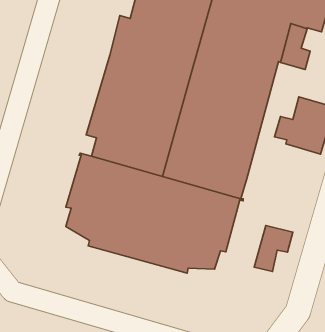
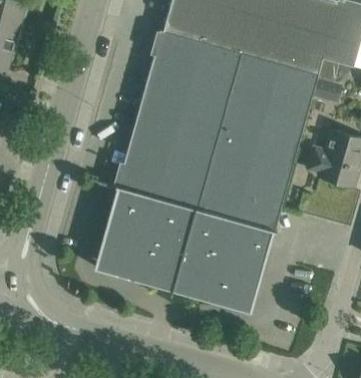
building: [254,225,293,272] -> none

